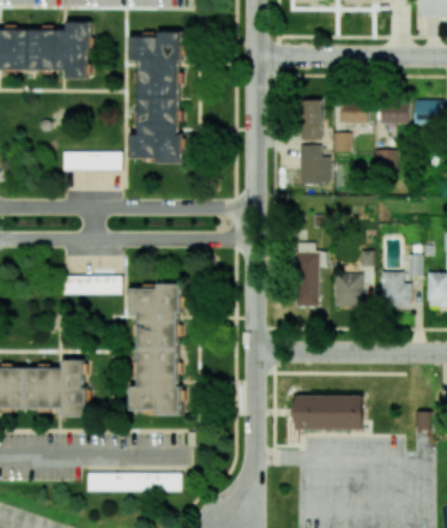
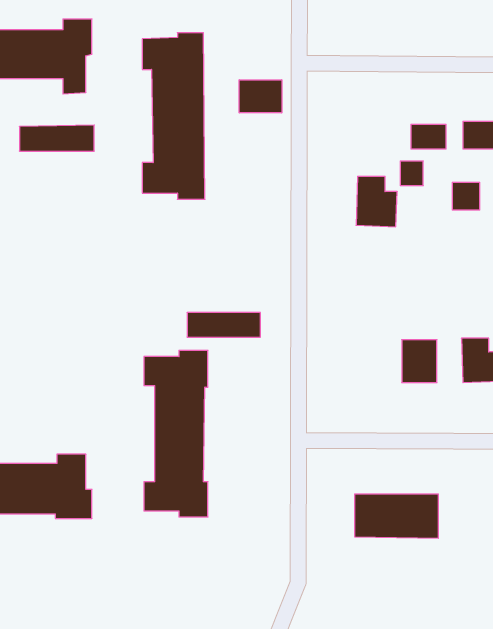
building: none -> [239,80,282,113]
building: [301,101,321,140] -> none
building: [62,151,121,172] -> [19,125,94,151]
building: [296,253,319,307] -> none
building: [61,276,119,295] -> [187,313,260,337]
building: [87,473,181,491] -> none

